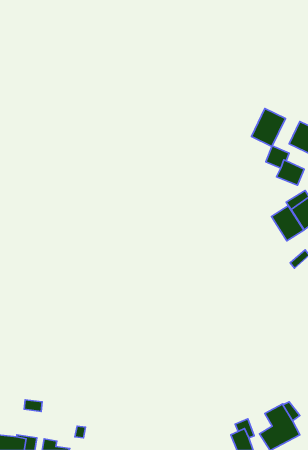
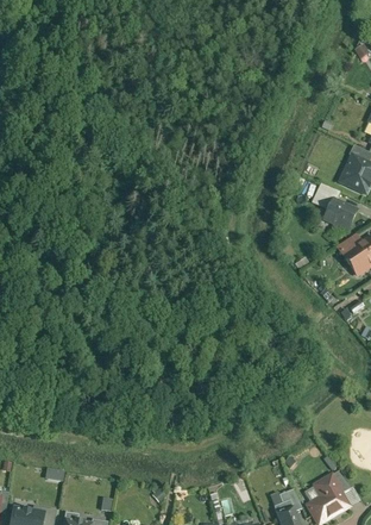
building: [251,109,285,146] -> none
building: [272,206,304,241] -> none

